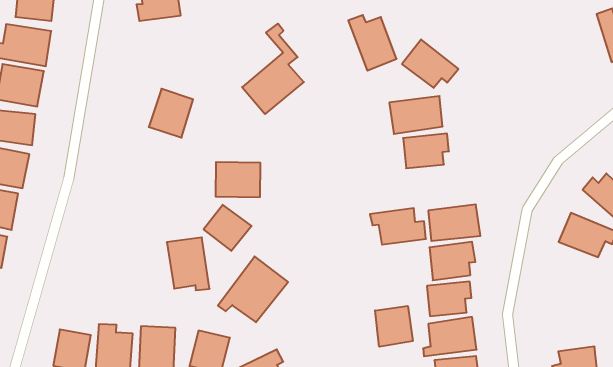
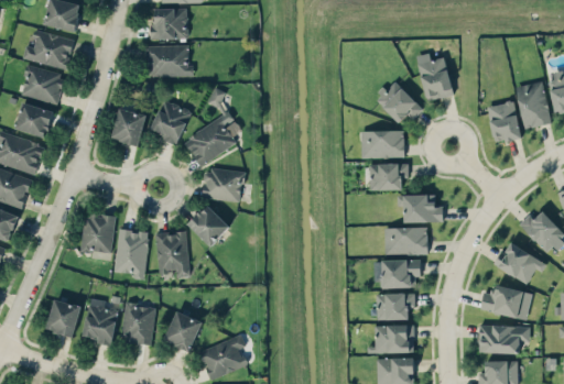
building: [348,15,397,71] -> [415,53,454,101]
building: none -> [514,80,552,129]
building: [242,24,304,114] -> [183,89,237,166]
building: none -> [145,45,193,76]
building: none -> [487,100,521,143]
building: none -> [111,108,147,145]
building: [370,208,426,245] -> [397,194,443,222]
building: none -> [80,213,115,253]
building: none -> [115,229,148,276]
building: [218,256,288,322] -> none
building: none -> [479,284,532,320]
building: [375,306,413,347] -> none
building: none -> [479,325,529,353]

